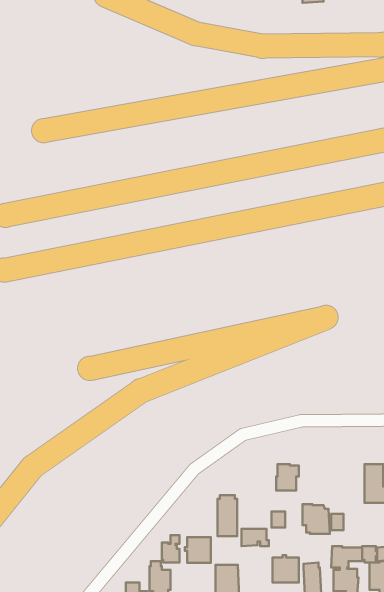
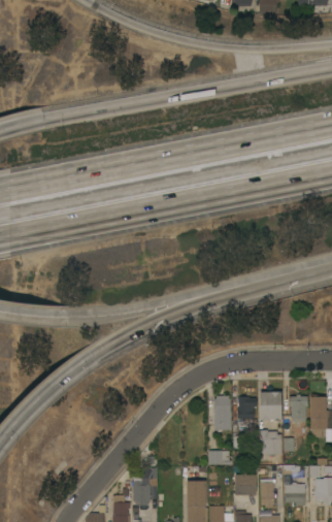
building: none -> [261,392,283,421]
building: none -> [290,394,308,422]
building: [217,495,237,536] -> [214,396,231,430]
building: [185,537,211,563] -> none

